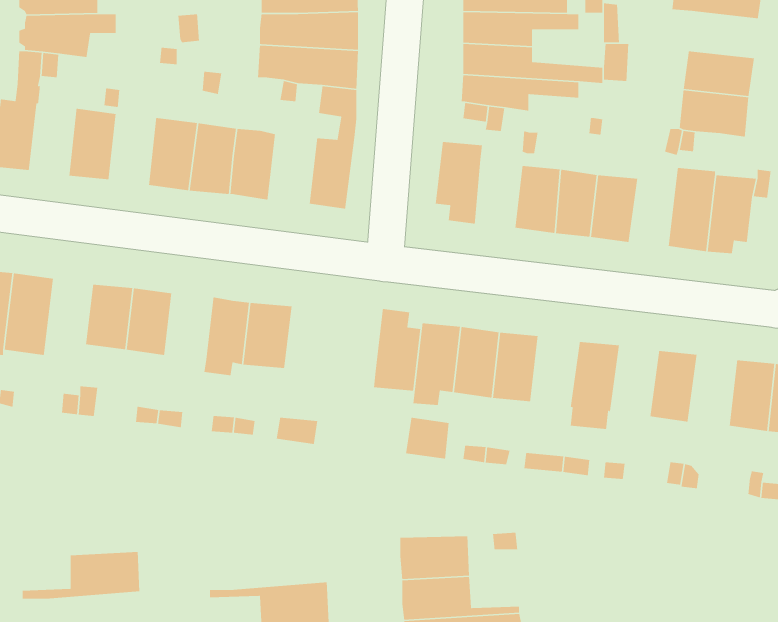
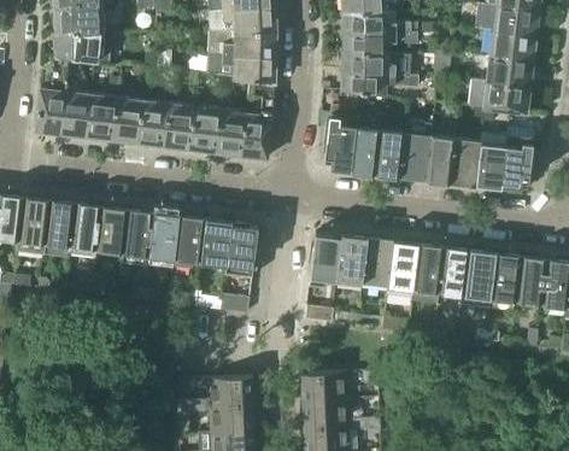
building: none -> [489,31,535,62]
building: none -> [60,92,90,139]
building: none -> [112,98,142,145]
building: none -> [216,111,247,157]
building: none -> [351,128,381,172]
building: none -> [451,140,481,184]
building: none -> [70,205,101,258]
building: none -> [147,215,180,266]
building: [373,308,421,392] -> [225,223,257,277]
building: none -> [387,242,418,289]
building: none -> [439,248,470,295]
building: none -> [489,254,521,301]
building: [22,551,140,599] -> [177,376,254,408]

